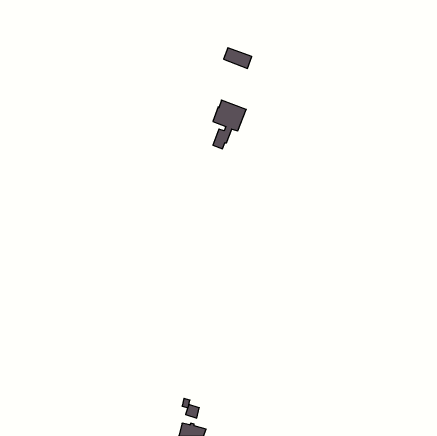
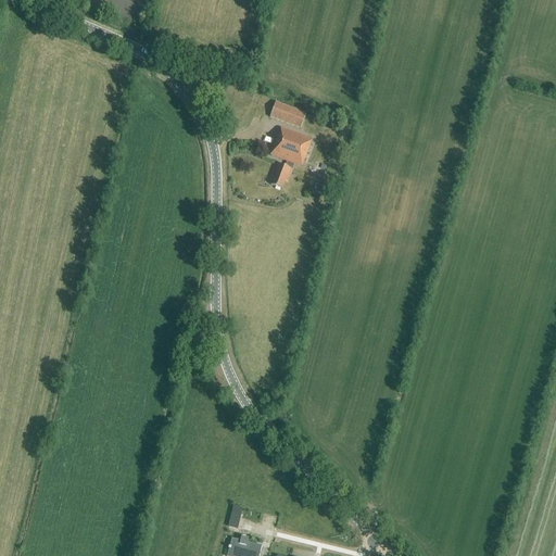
building: [224,48,252,68] -> [270,102,306,128]

